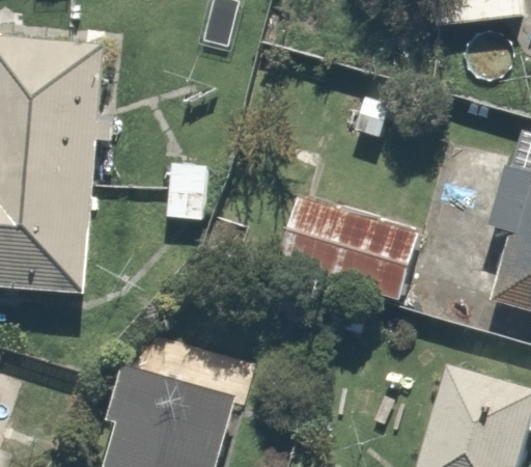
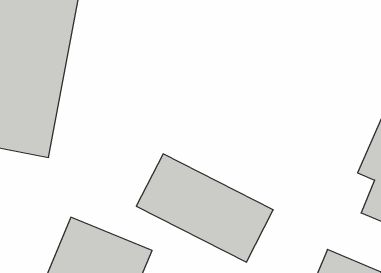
building: [279,192,452,314] -> [136,154,273,262]

